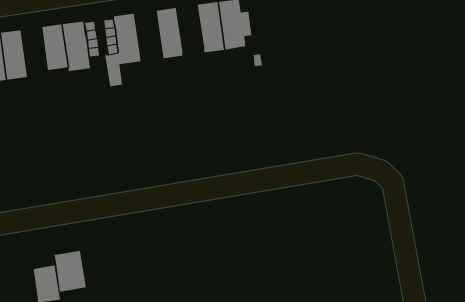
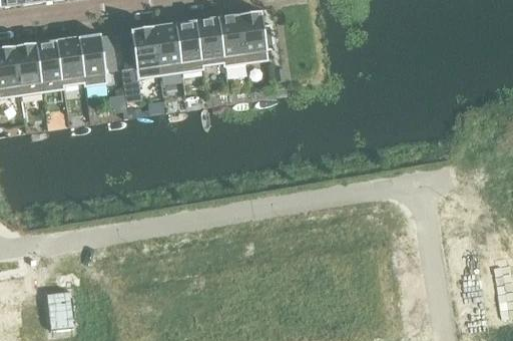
building: none -> [194,17,222,65]
building: none -> [151,23,180,76]
building: none -> [34,40,63,92]
building: [53,250,86,292] -> none

